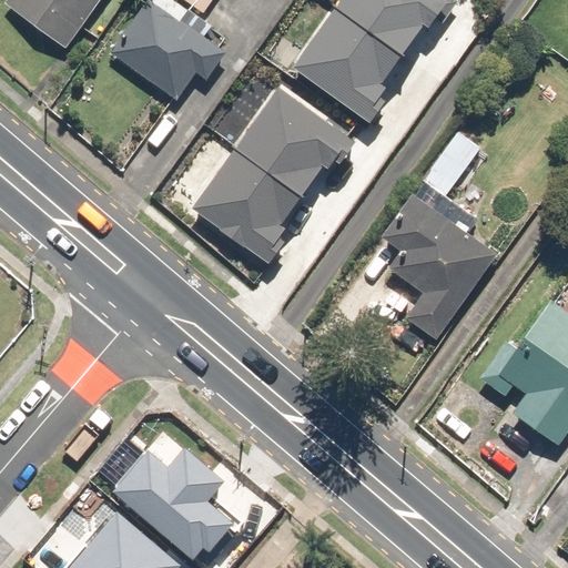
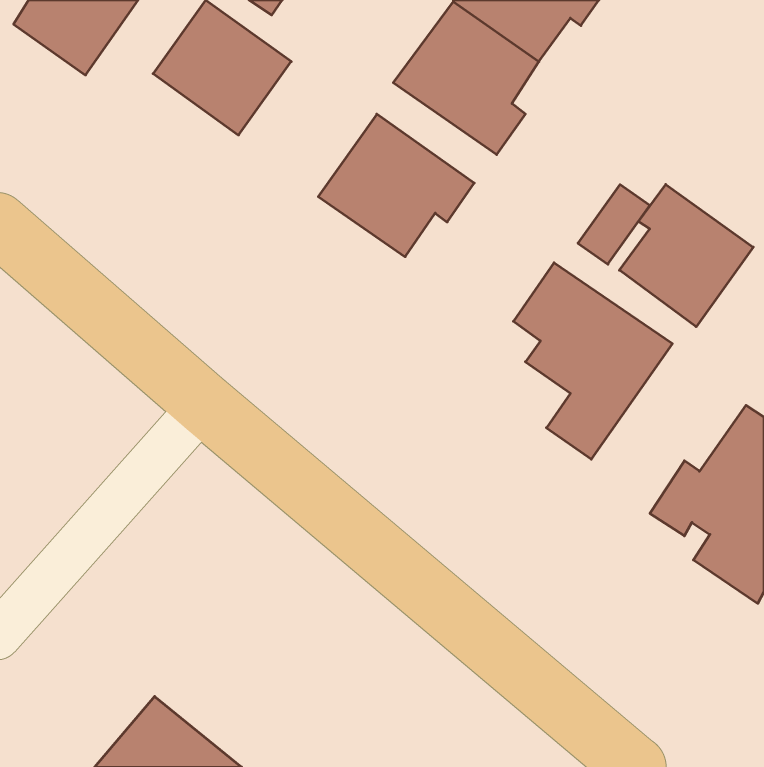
building: none -> [619,184,753,327]
building: [191,145,300,260] -> none
building: [112,446,240,557] -> none

